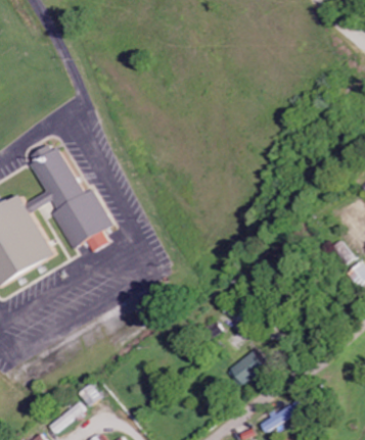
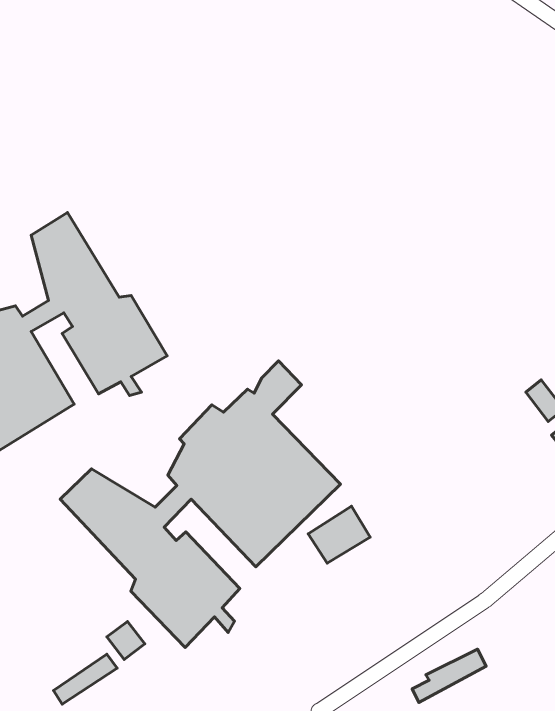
building: none -> [60,361,341,648]
building: [229,351,266,385] -> [308,506,370,563]

